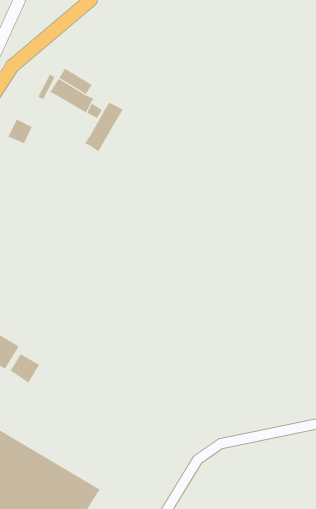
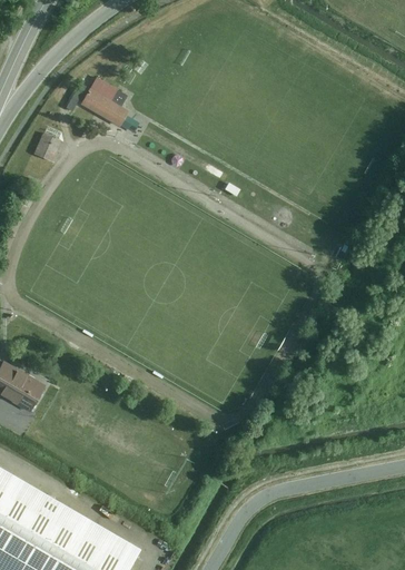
building: [84,102,123,152] -> none
building: [10,353,40,384] -> none

